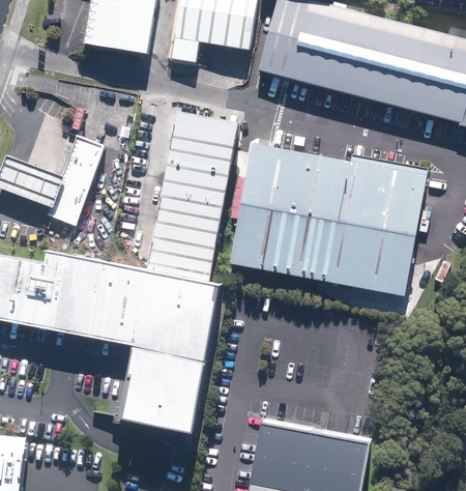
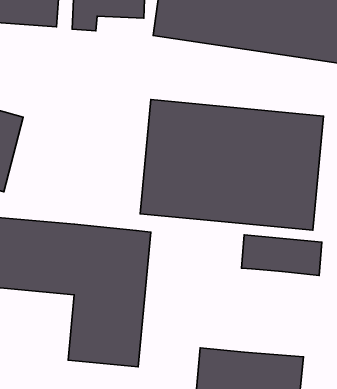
building: [146,111,241,280] -> none
building: none -> [241,235,322,276]

